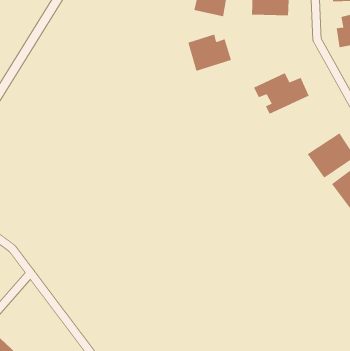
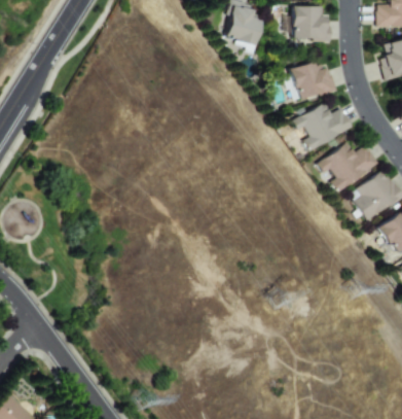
building: [187,34,232,72] -> [287,61,335,102]
building: none -> [316,143,378,193]

